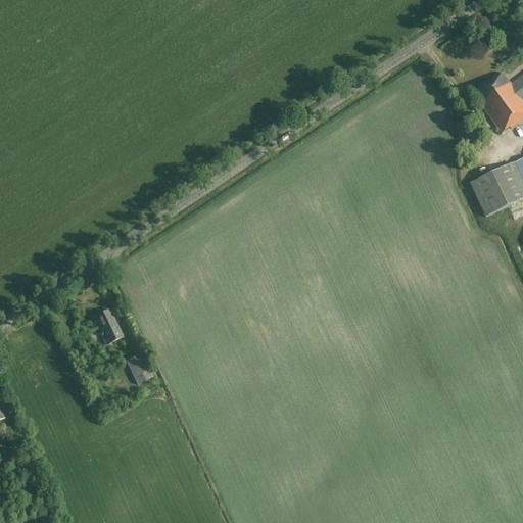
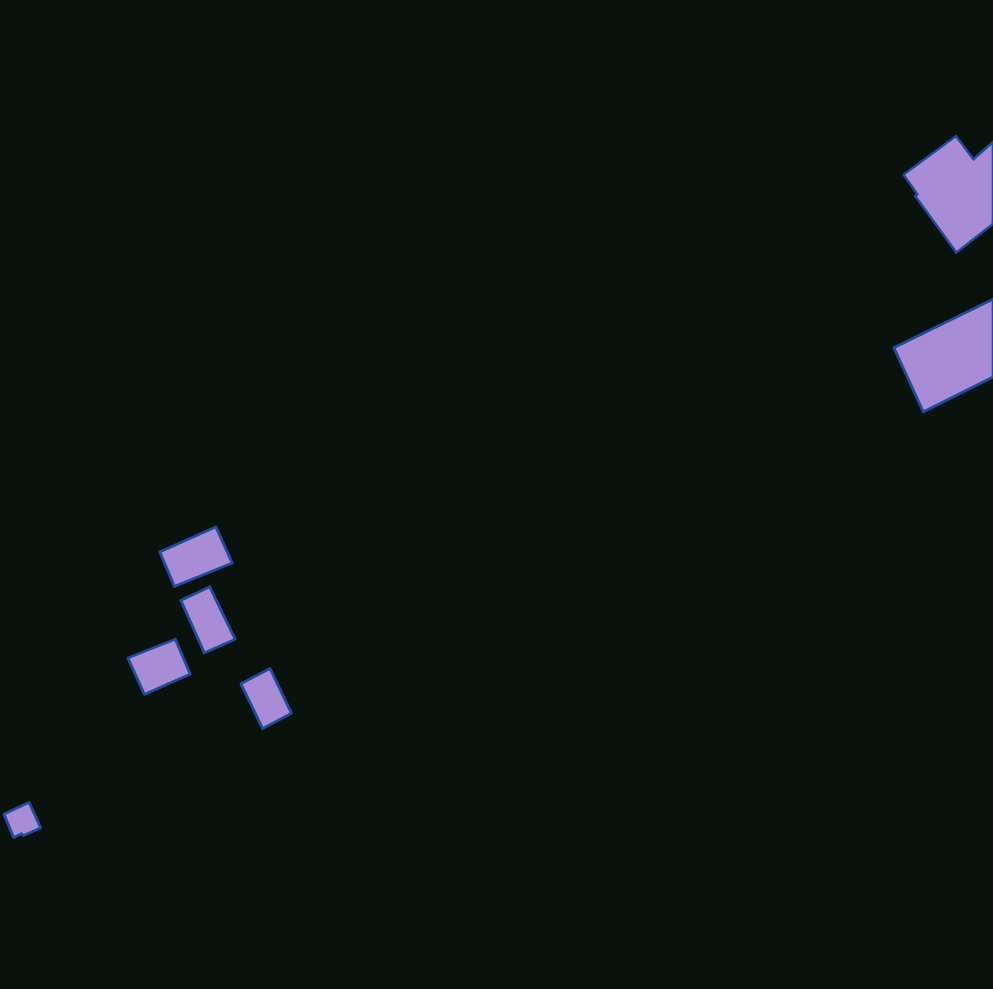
building: none -> [160,527,232,587]
building: none -> [128,639,190,694]

